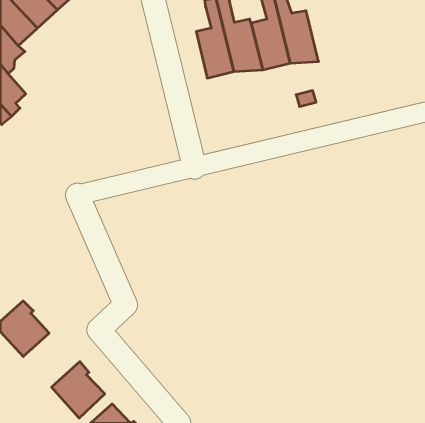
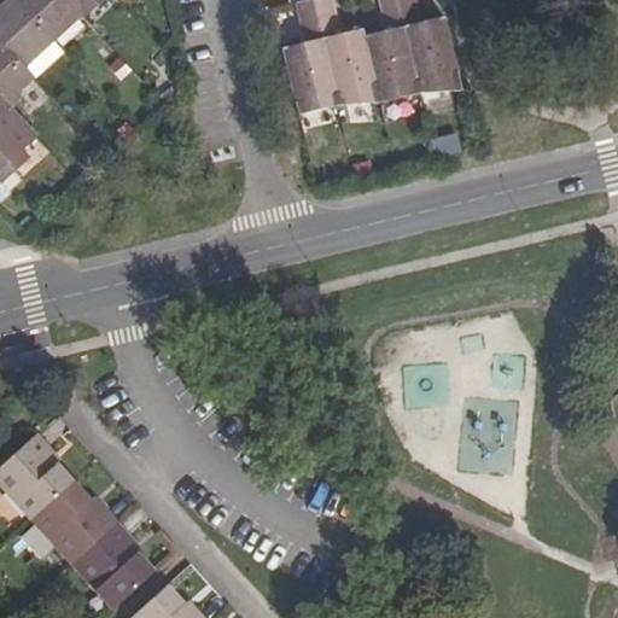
building: none -> [34,484,116,562]

